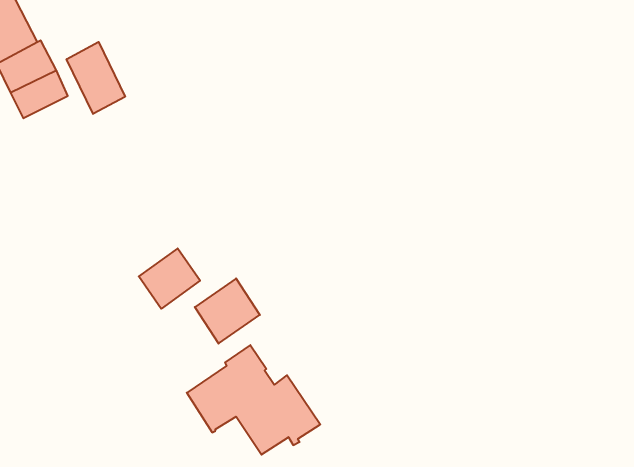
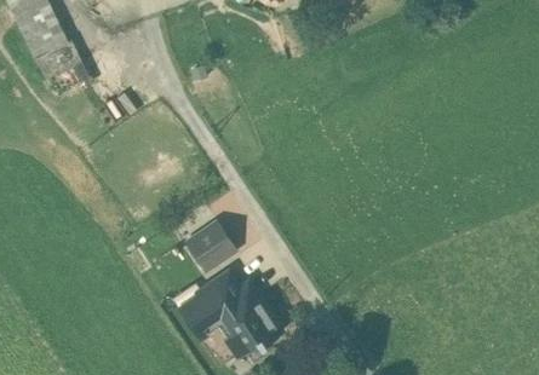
building: [67,42,125,114] -> none
building: [139,248,200,309] -> none

